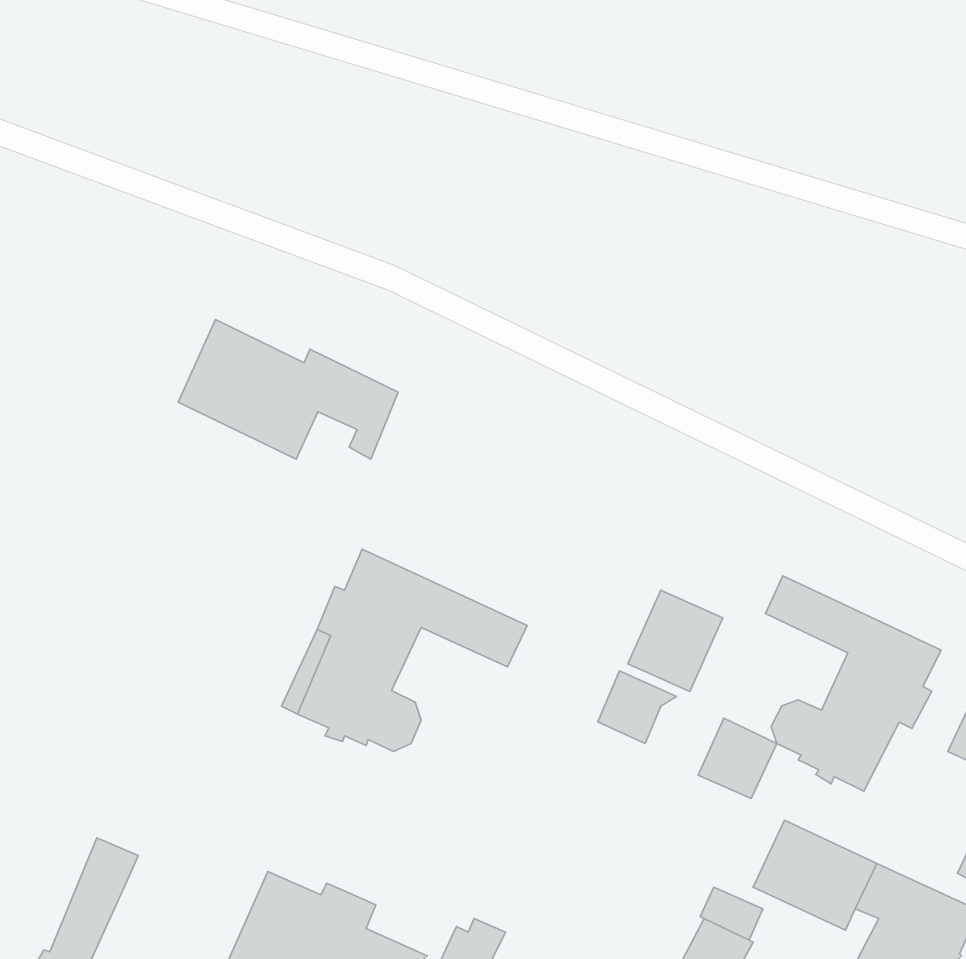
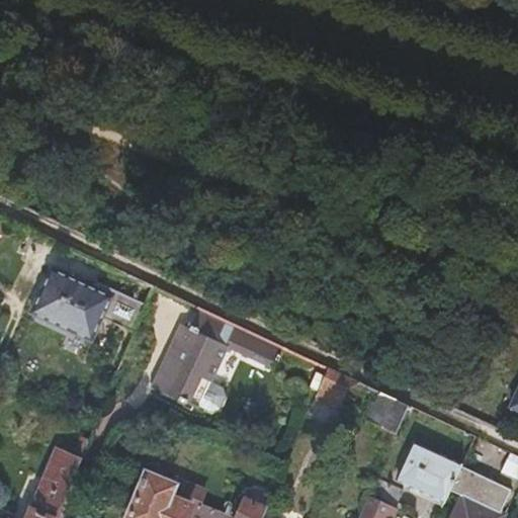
building: [178,320,398,459] -> [30,270,144,342]
building: [766,576,941,791] -> none
building: [628,590,723,691] -> none

